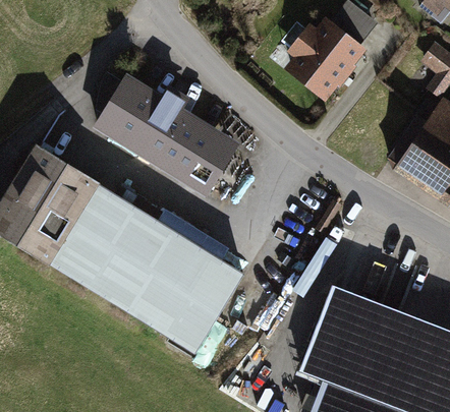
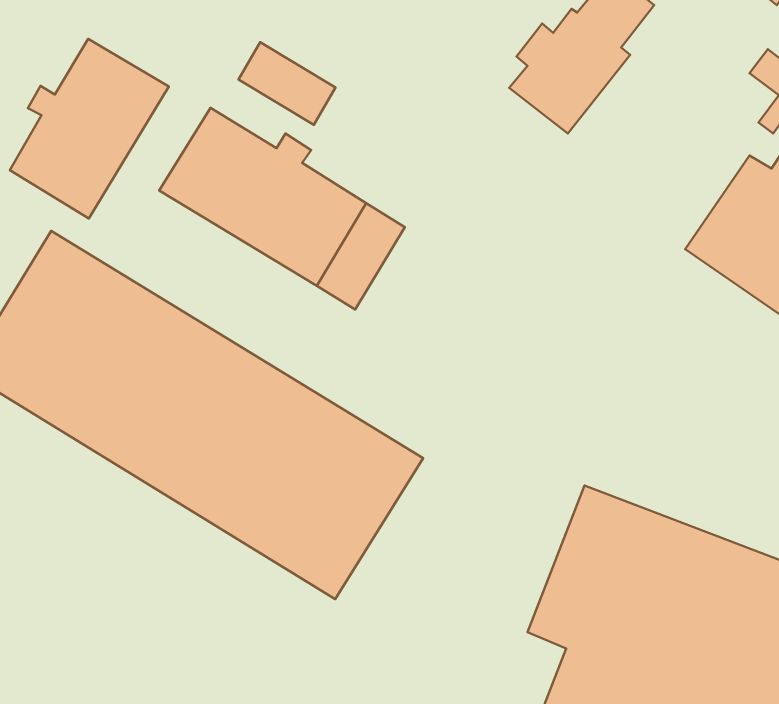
building: none -> [10,39,169,219]
building: none -> [238,42,336,125]

